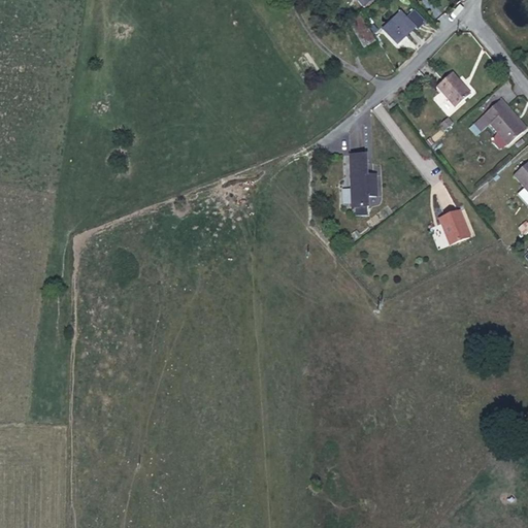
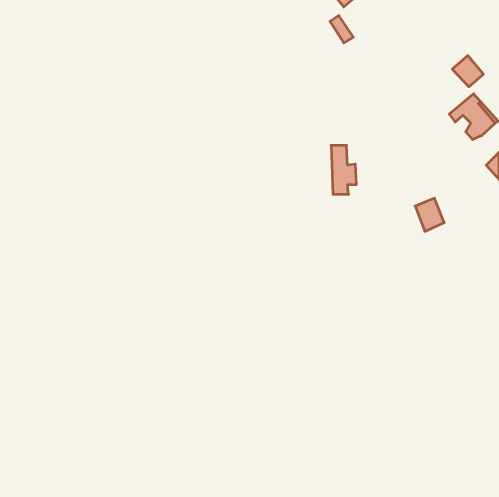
building: [382,9,425,42] -> none
building: [436,72,469,105] -> [452,56,483,87]

